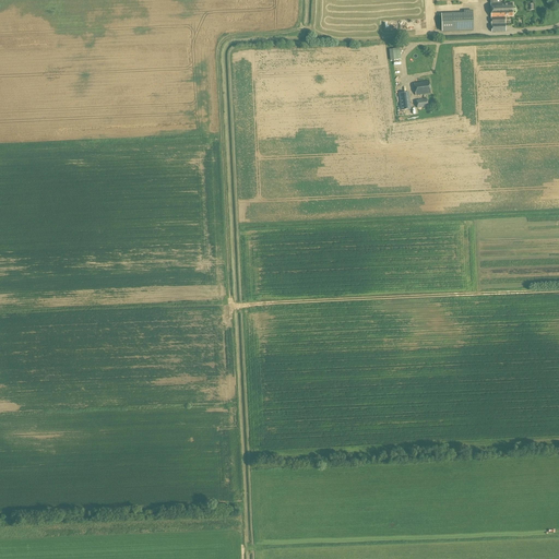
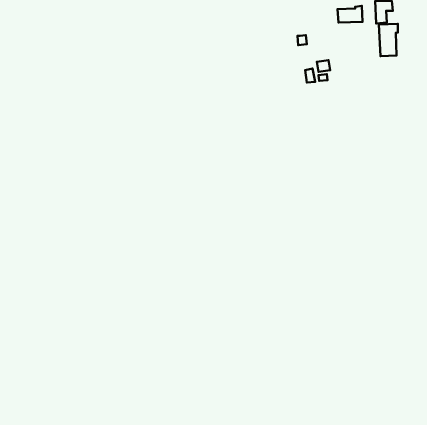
building: none -> [379,24,398,56]

